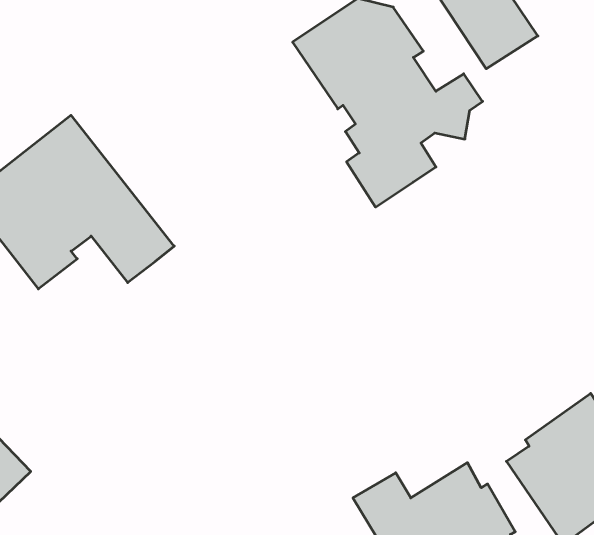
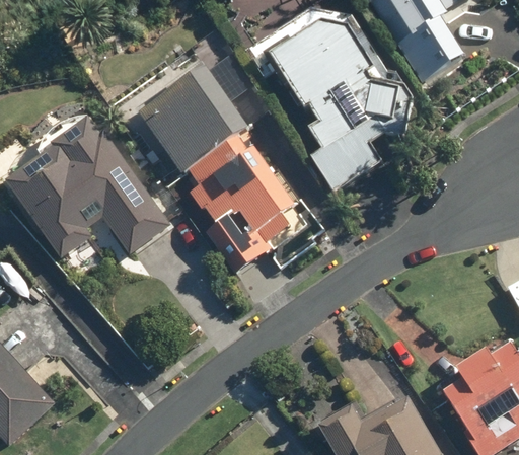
building: none -> [134,65,295,274]

